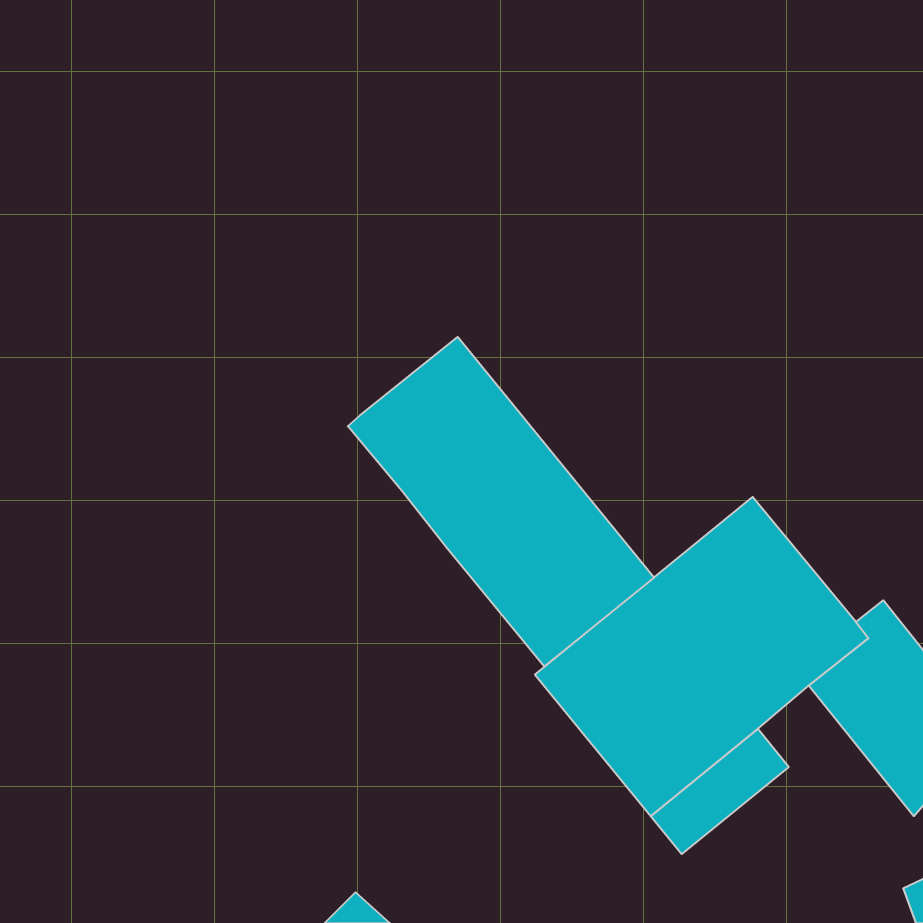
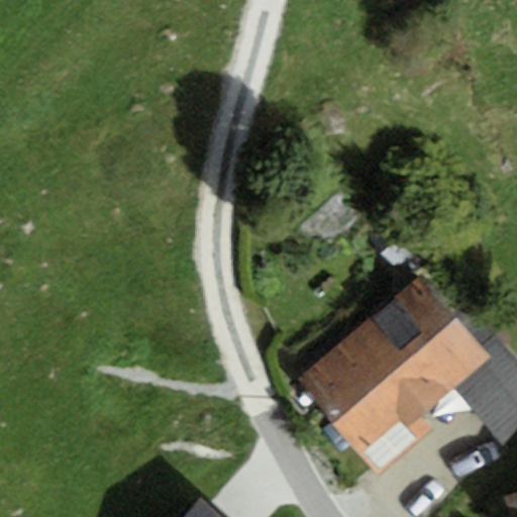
building: [348,337,654,667] -> none

